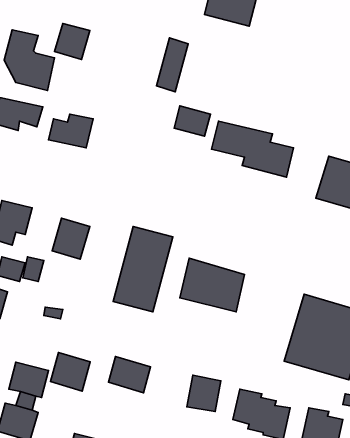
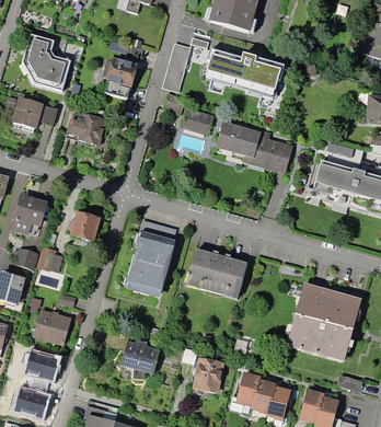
building: [55,23,90,60] -> [104,57,137,91]
building: none -> [204,48,281,94]
building: [50,352,90,391] -> [34,308,71,344]

